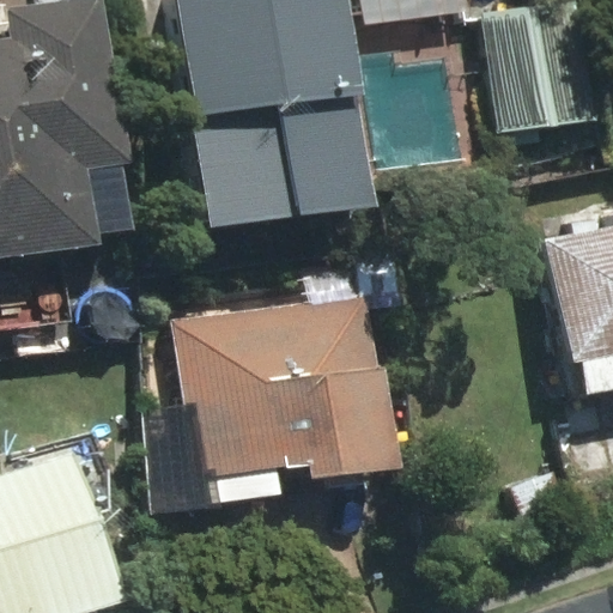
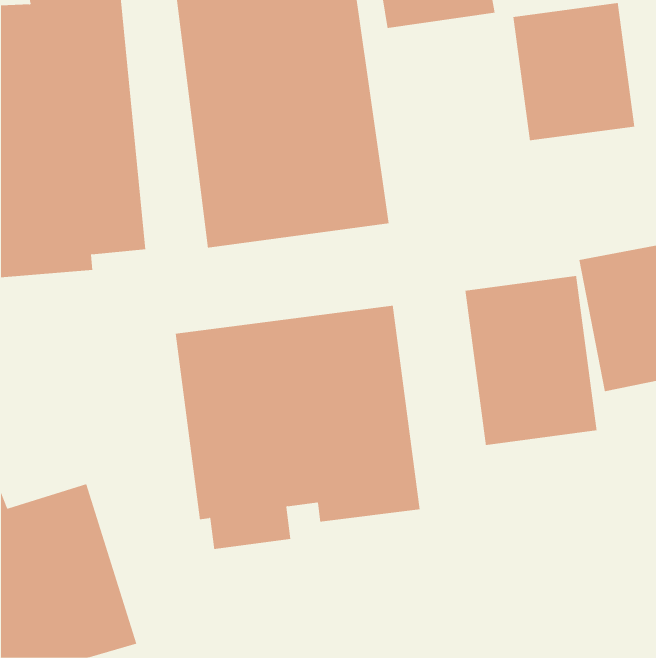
building: none -> [465,275,597,446]

